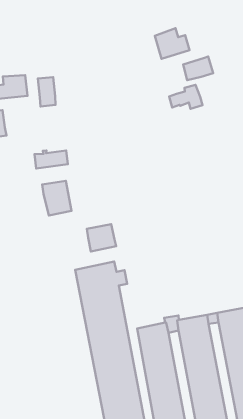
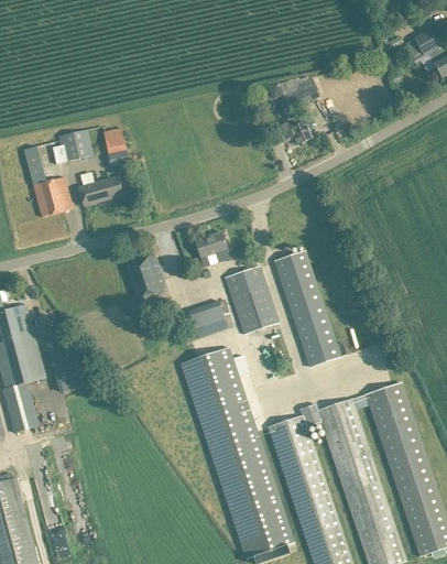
building: [155,28,189,59] -> none
building: [35,151,68,169] -> [78,178,121,206]
building: none -> [195,232,230,267]
building: none -> [274,251,340,367]
building: none -> [225,265,279,335]

